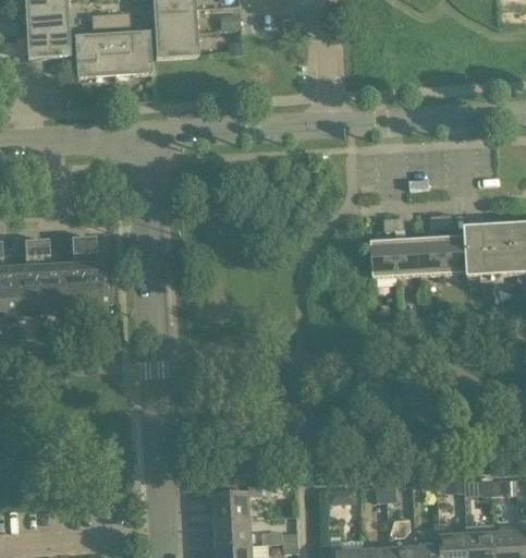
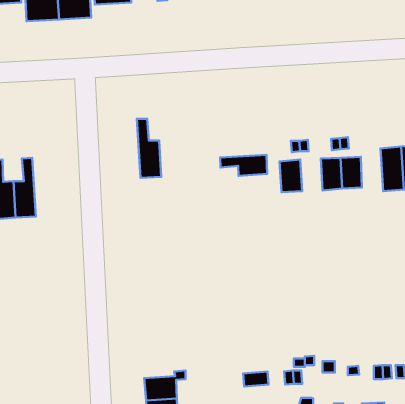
building: [464,226,491,277] -> none
building: none -> [220,155,267,176]
building: [82,236,110,305] -> [137,119,161,178]
building: [394,238,420,276] -> none

